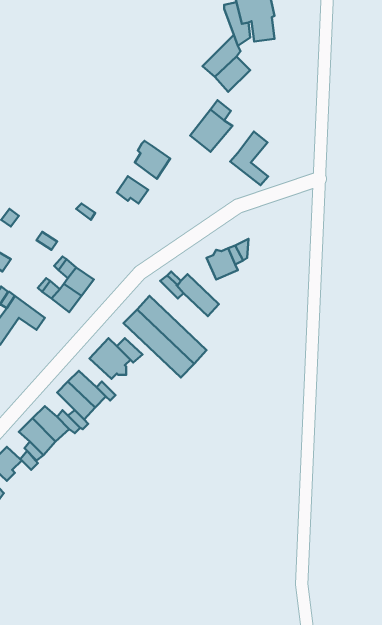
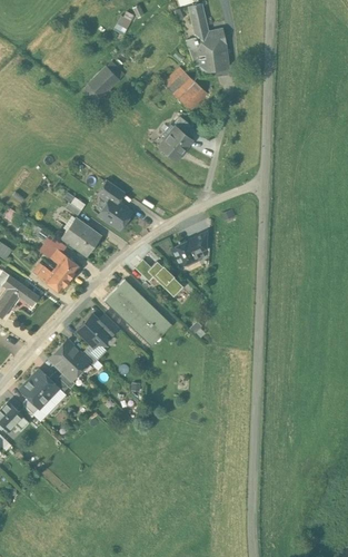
building: none -> [83,61,121,99]
building: [230,131,268,185] -> none
building: [135,141,170,179] -> [101,198,130,229]
building: none -> [61,217,100,255]

